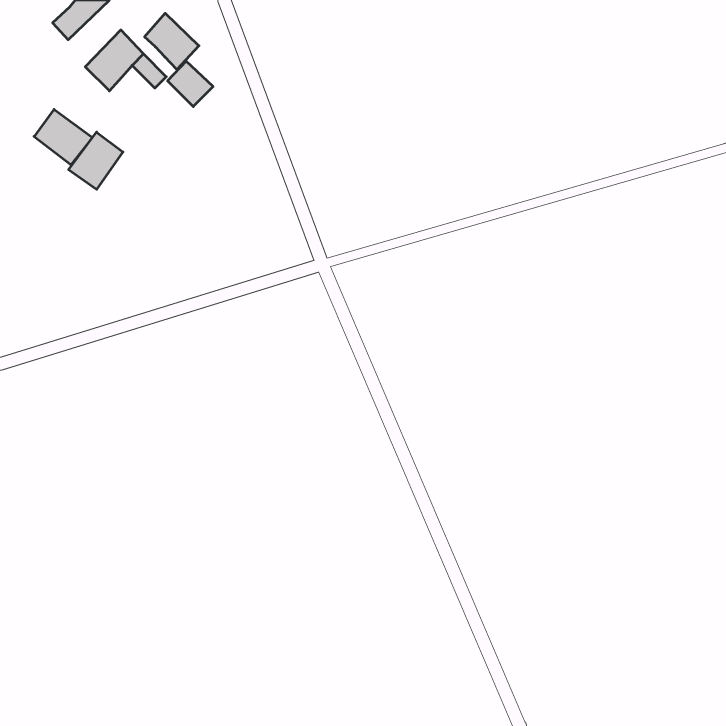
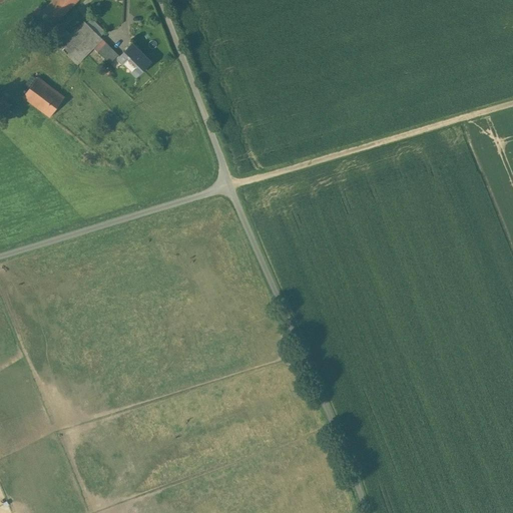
building: [145,13,199,69] -> none
building: [69,132,123,189] -> none

